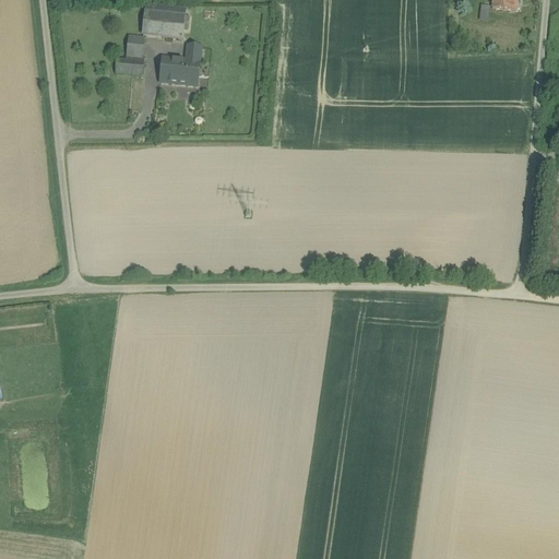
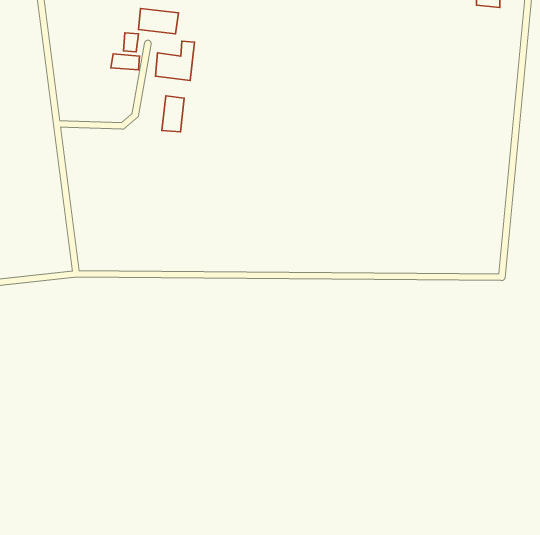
building: none -> [162,96,184,132]

